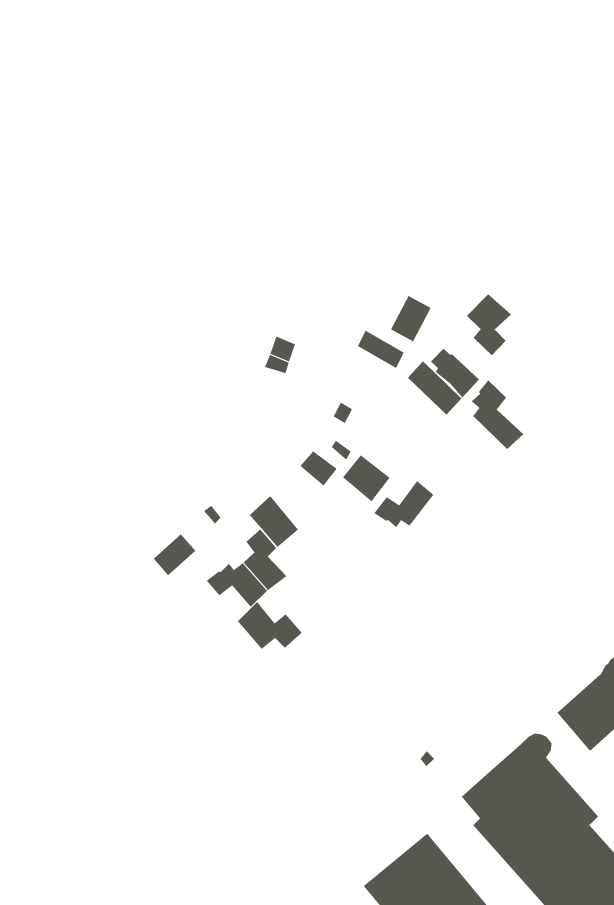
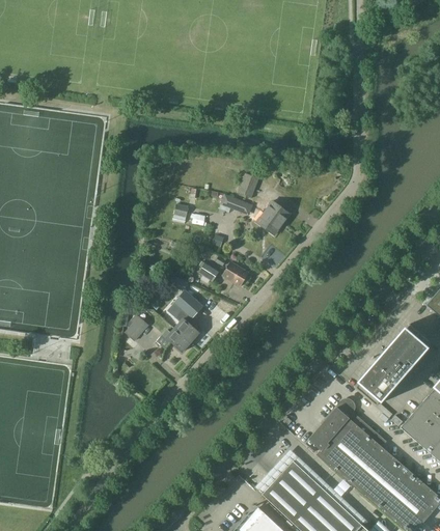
building: [466,294,512,356] -> none
building: [471,380,524,450] -> none
building: [374,480,434,528] -> none
building: [237,601,303,650] -> none

